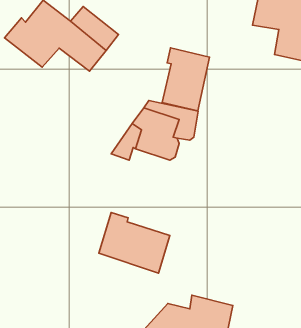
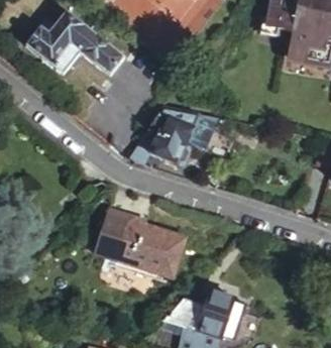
building: [162,48,209,111] -> none
building: none -> [97,208,128,253]

